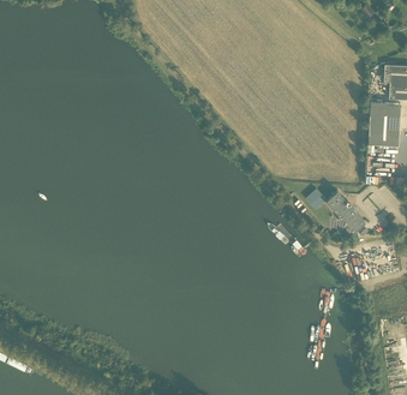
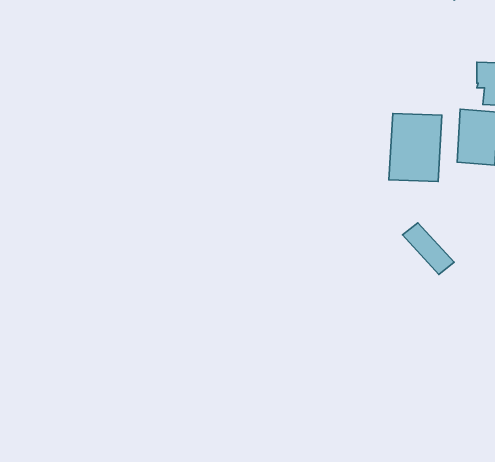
building: none -> [389,113,442,182]

